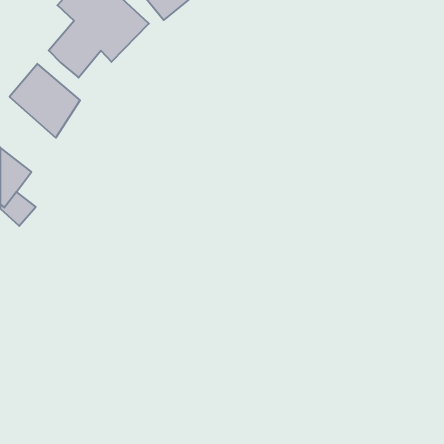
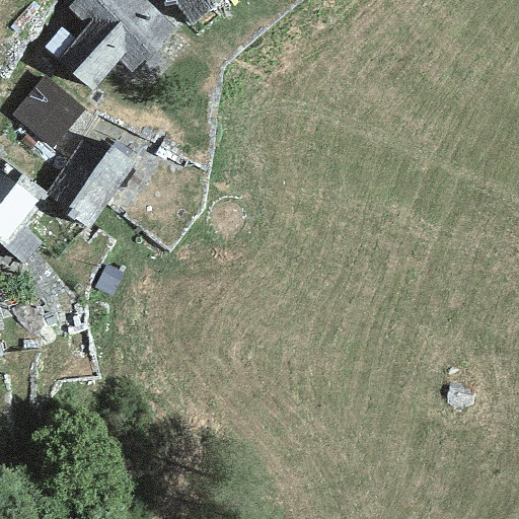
building: none -> [46,134,134,227]

